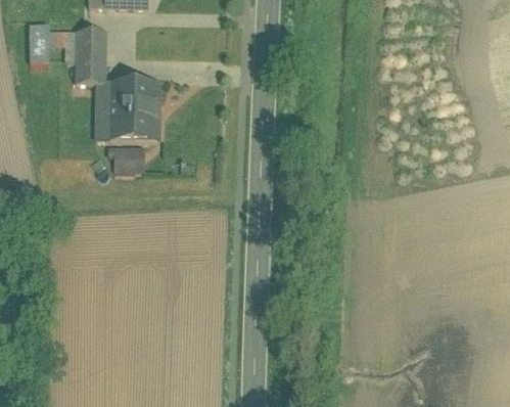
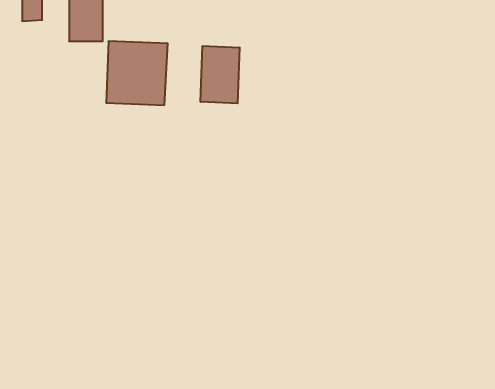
building: none -> [201,46,240,103]
building: [117,147,143,171] -> none

